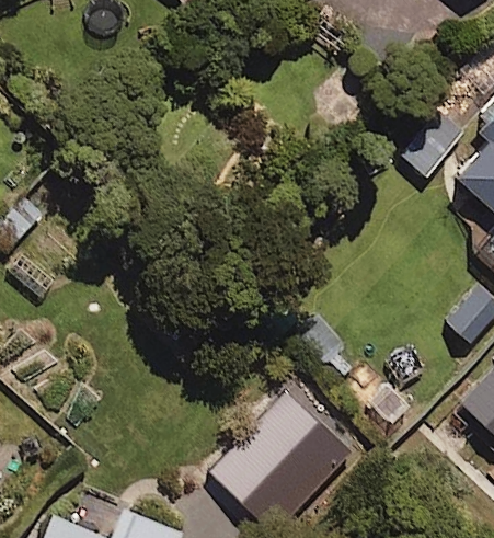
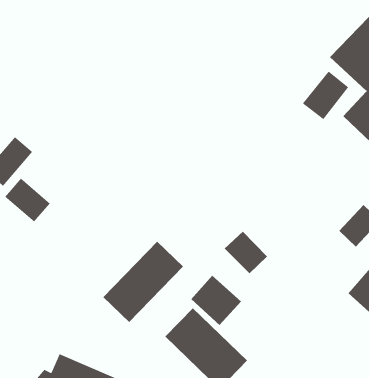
building: none -> [103,241,184,323]

